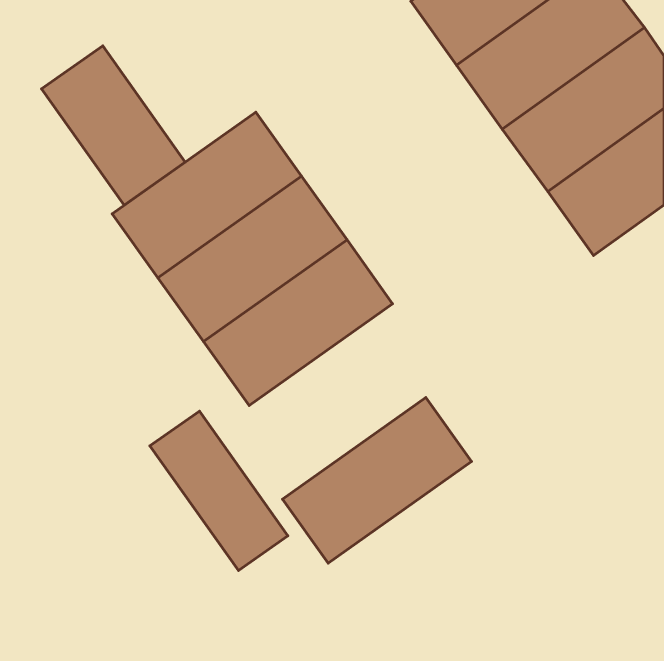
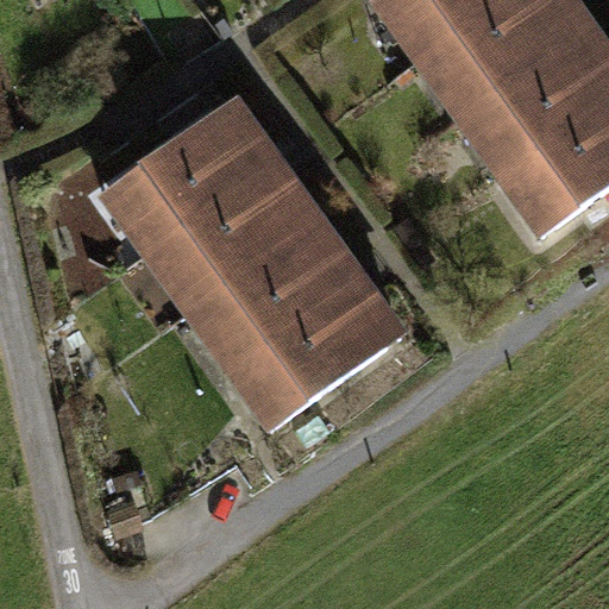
building: [42,46,185,205] -> none
building: [282,398,472,563] -> [227,277,400,428]
building: [150,411,288,570] -> none

